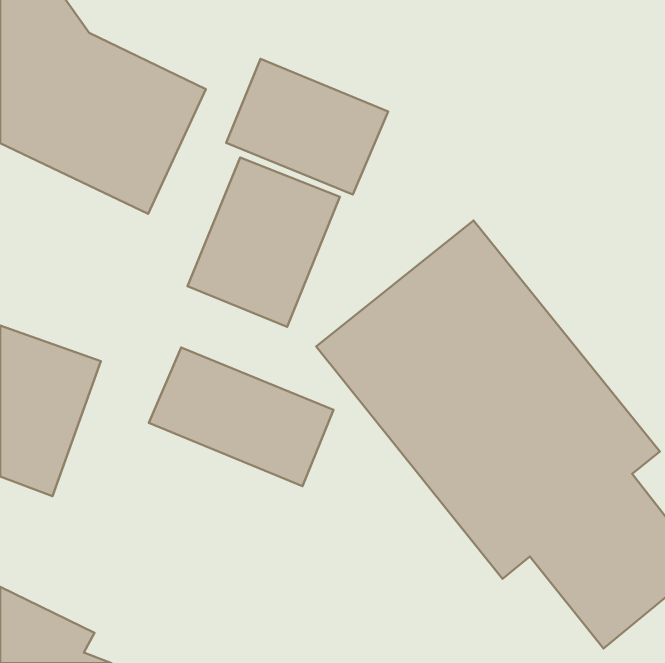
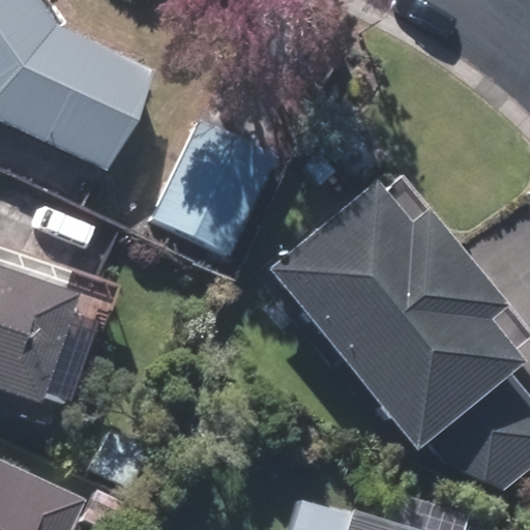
building: [226,59,388,194] -> none
building: [149,347,334,486] -> none

